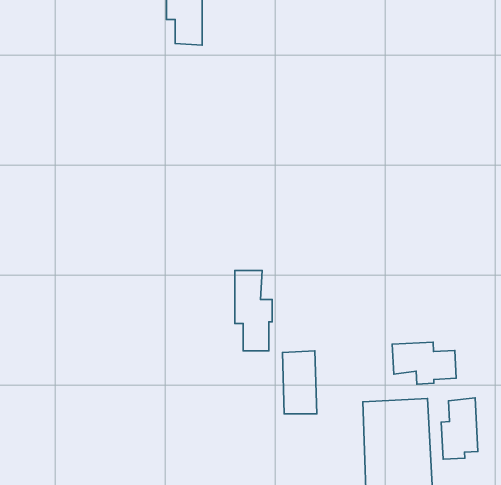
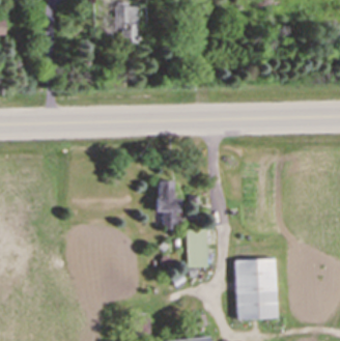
building: [392,342,456,384] -> none
building: [441,398,478,459] -> none

